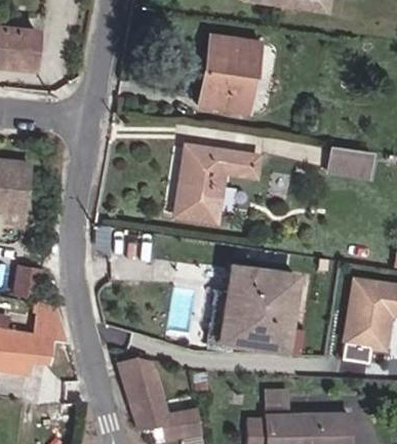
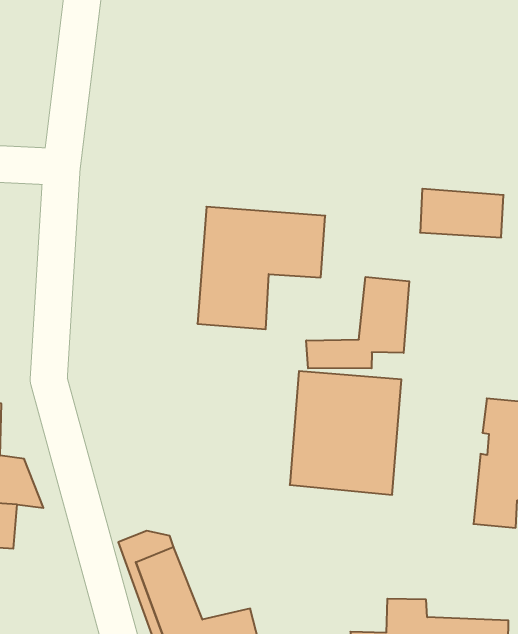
building: [199,32,267,116] -> none
building: none -> [306,277,409,368]

